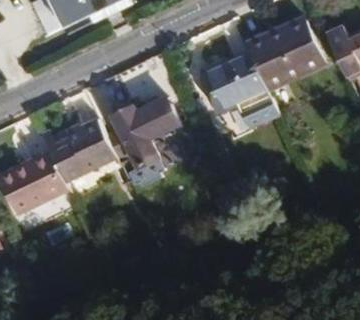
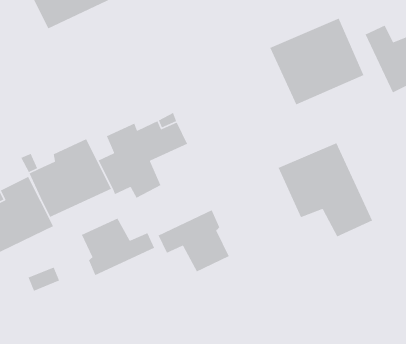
building: [200,50,279,129] -> [278,142,373,238]
building: none -> [158,209,230,273]
building: none -> [81,217,155,276]

